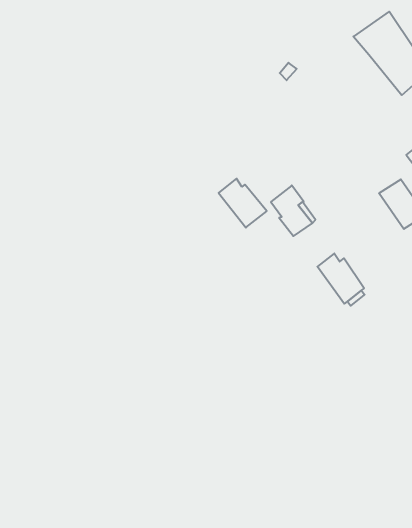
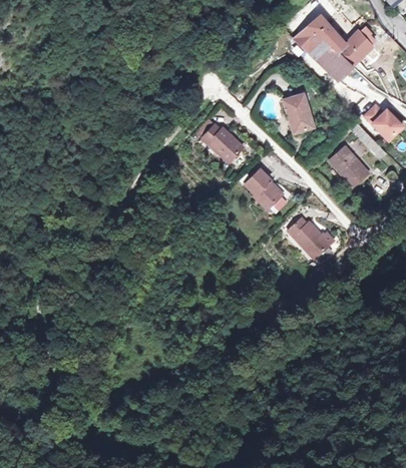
building: none -> [283,95,314,135]
building: [219,179,267,228] -> [200,119,241,157]

